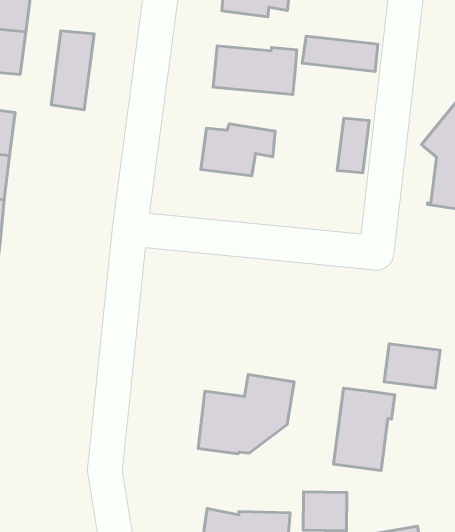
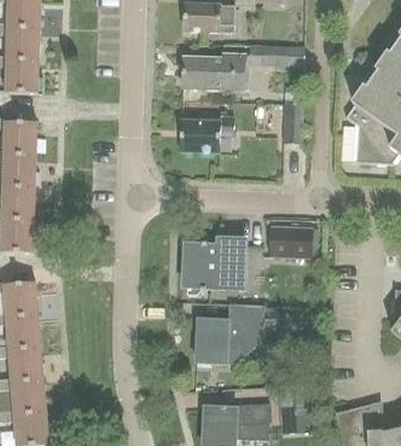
building: [51,31,94,110] -> none
building: none -> [186,237,244,290]
building: [384,344,440,388] -> [272,227,312,257]
building: [333,388,395,470] -> none

